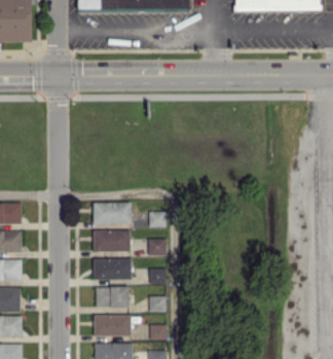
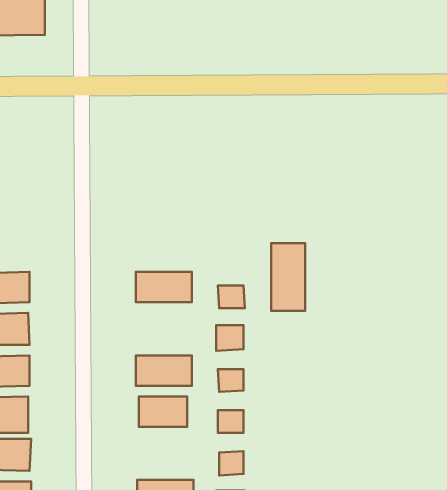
building: none -> [271,243,305,311]
building: [94,230,131,252] -> none
building: [95,315,132,336] -> none

